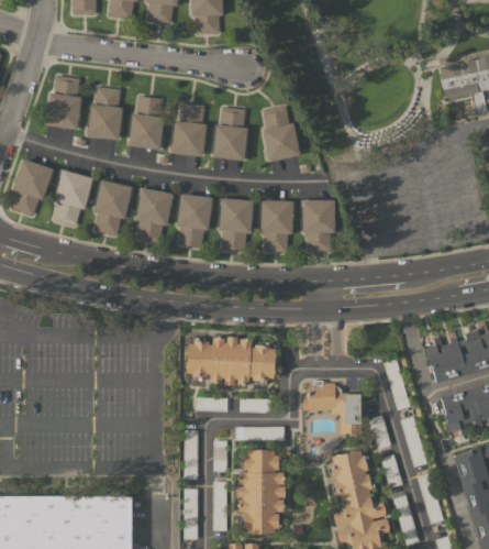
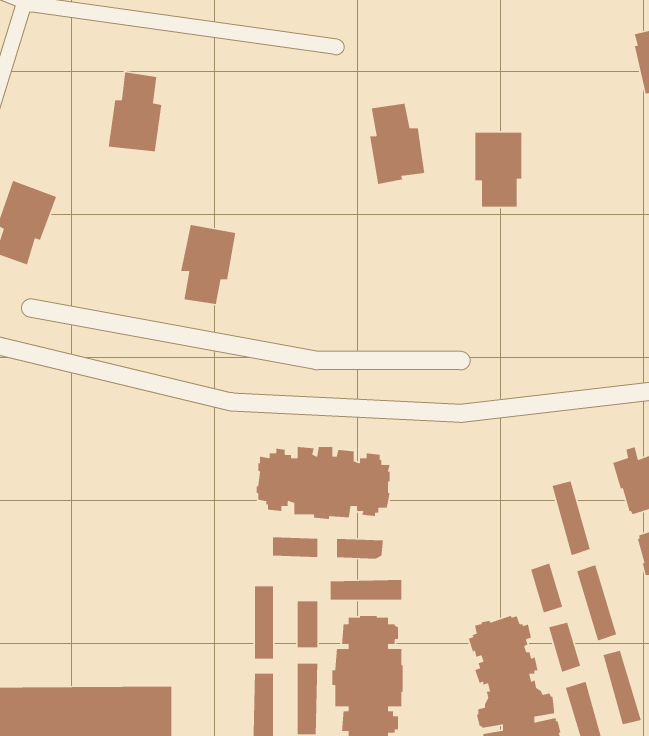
building: [46,76,81,129] -> none
building: [129,96,164,150] -> none
building: [171,103,205,156] -> none
building: [213,107,247,161] -> none
building: [53,169,92,226] -> none
building: [93,179,132,235] -> none
building: [177,194,212,248] -> none
building: [219,198,253,250] -> none
building: [259,200,293,252] -> none
building: [302,200,334,251] -> [475,132,522,207]
building: [303,381,363,433] -> none

